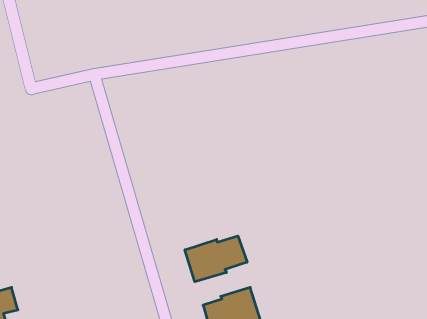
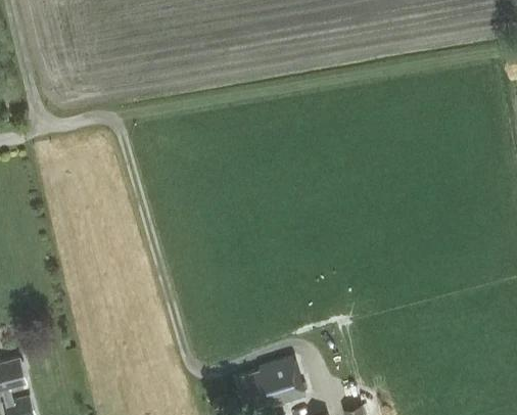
building: [185,236,247,282] -> none

